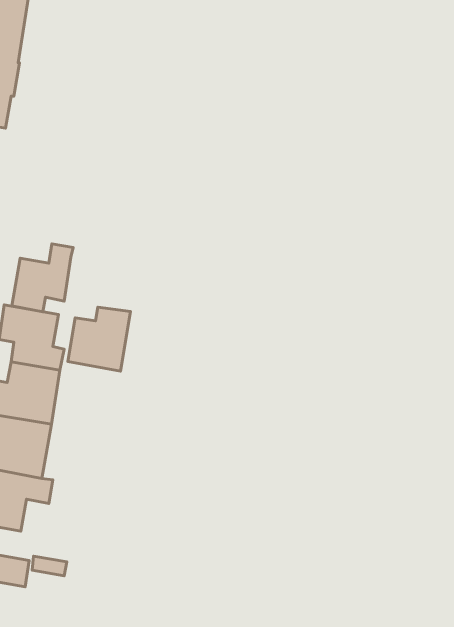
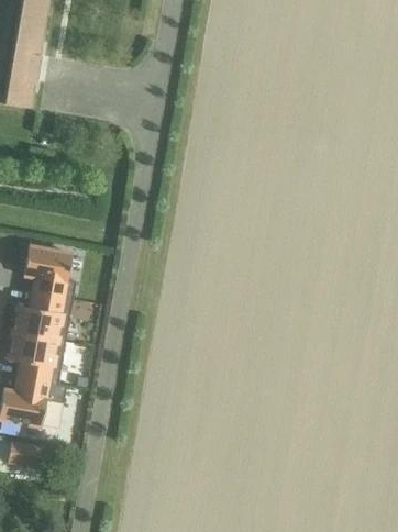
building: [12,244,73,312] -> none
building: [68,307,131,371] -> none

